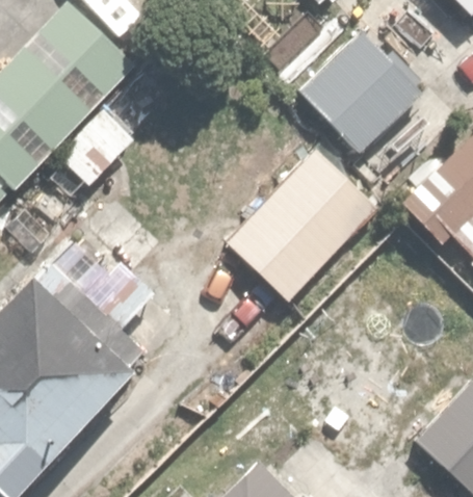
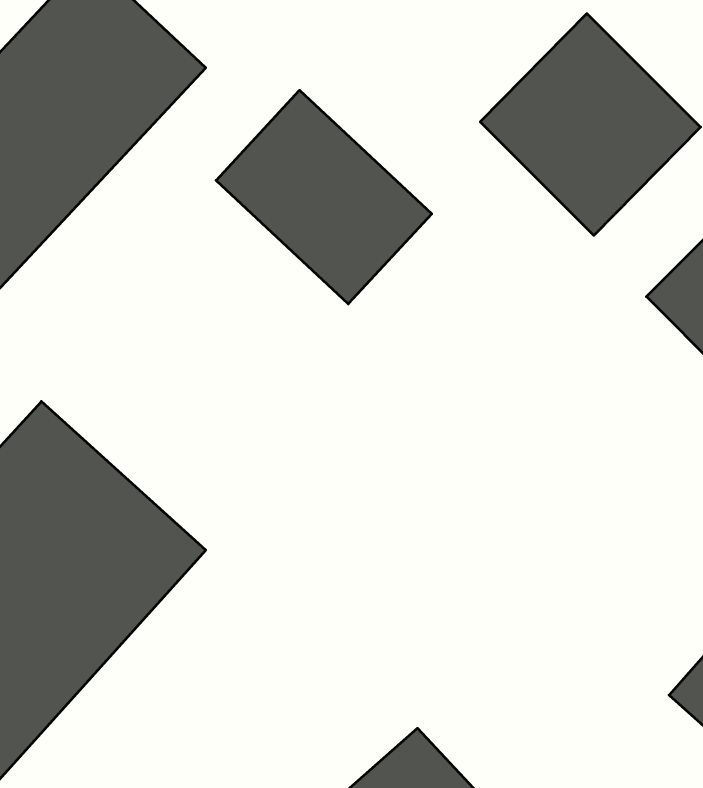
building: none -> [216,90,432,304]
building: [225,142,382,302] -> none

